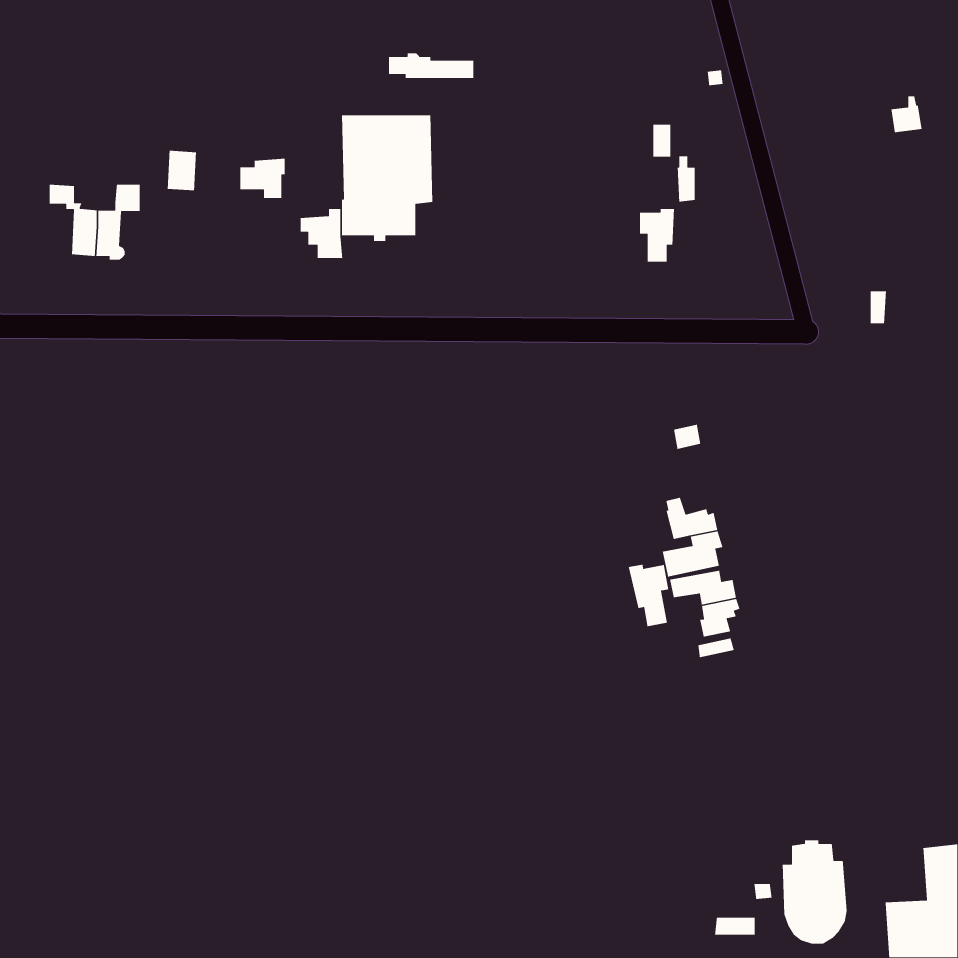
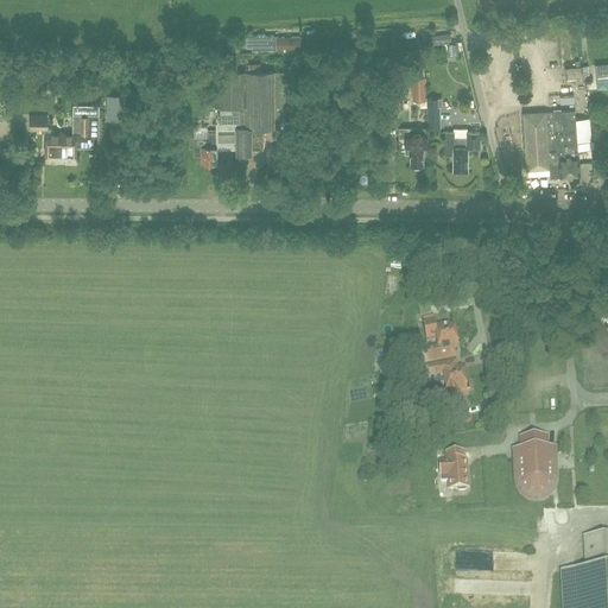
building: [240,158,285,199] -> none
building: none -> [522,110,578,178]
building: none -> [445,132,481,171]
building: [628,564,669,627] -> none
building: none -> [439,451,468,490]
building: [782,839,847,944] -> [514,433,556,500]

